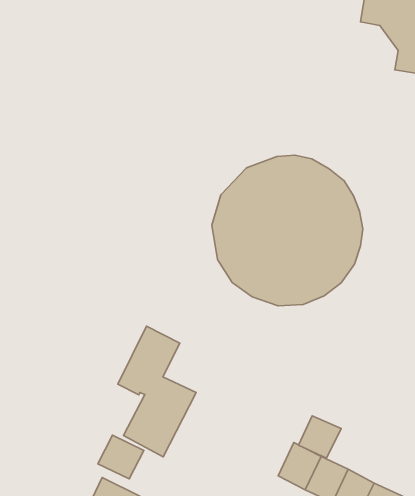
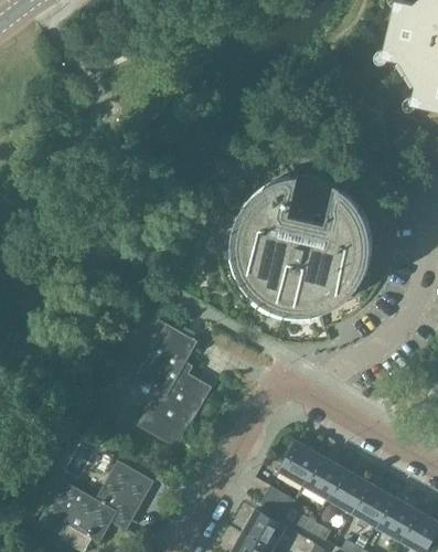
building: [299,416,341,458] -> none
building: [98,435,144,479] -> none

